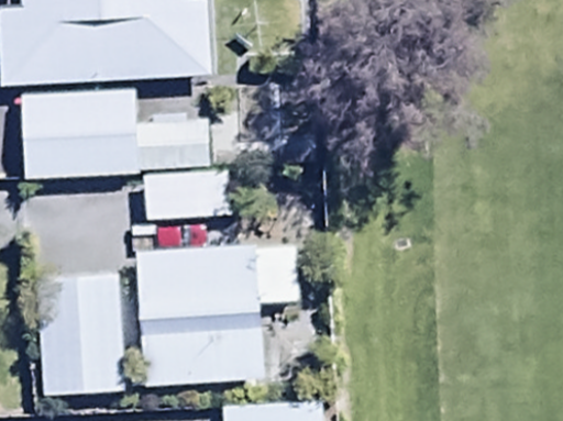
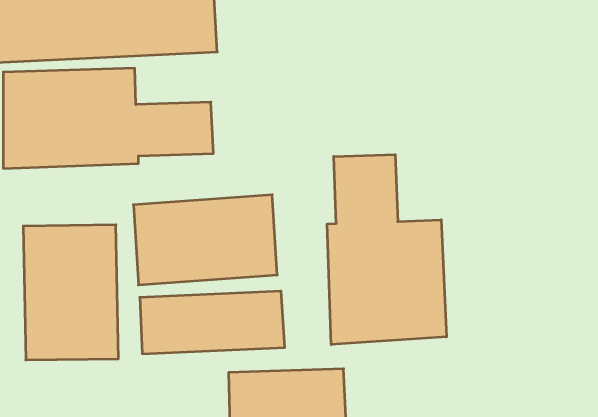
building: none -> [327,155,446,345]

